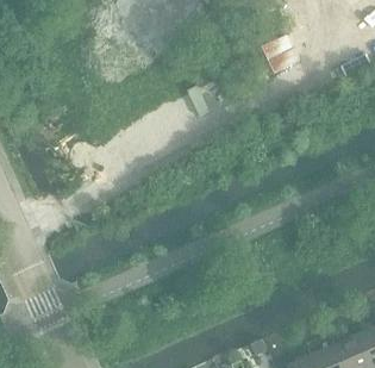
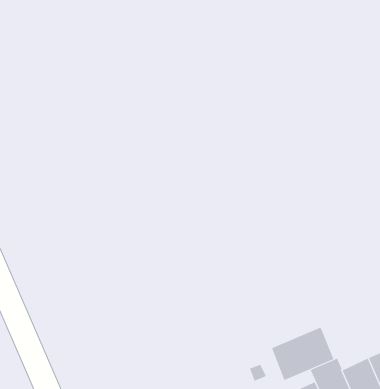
building: none -> [271,327,334,381]

